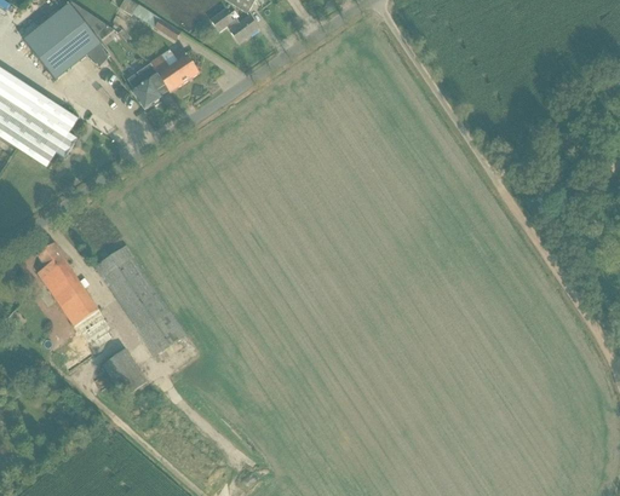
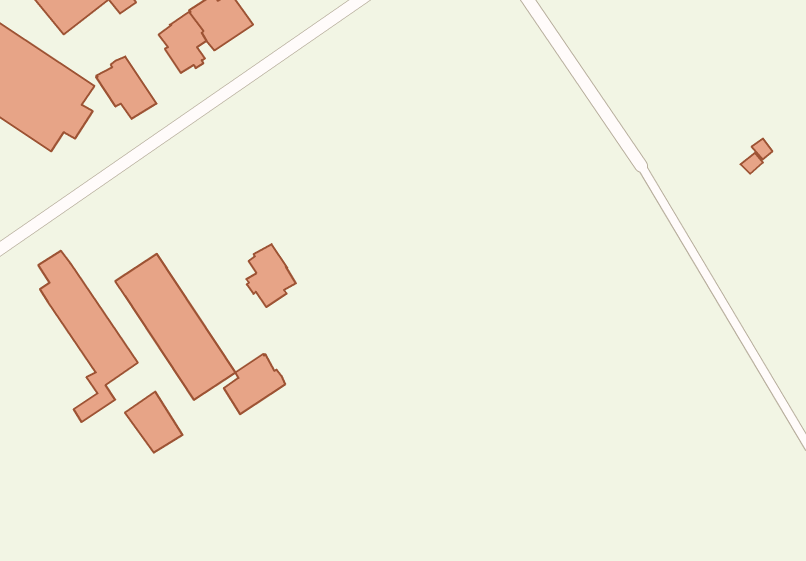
building: none -> [96,56,157,119]
building: none -> [246,244,296,307]
building: none -> [224,354,285,414]

